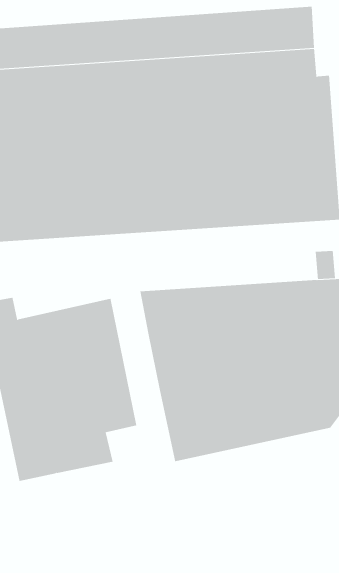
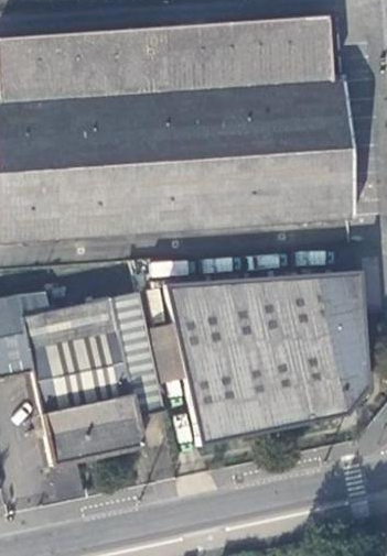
building: none -> [150,324,185,383]

